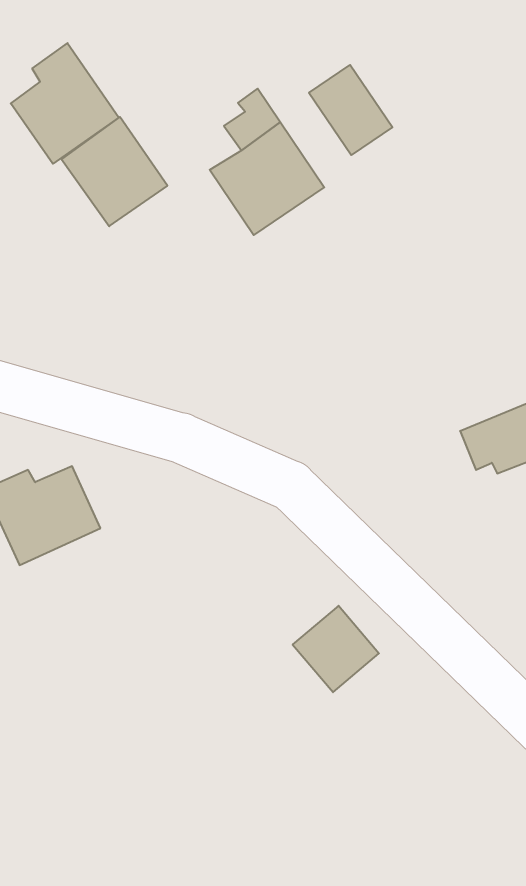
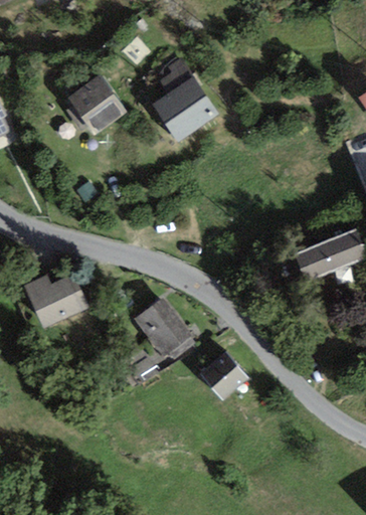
building: [11,43,119,164] -> none
building: [309,65,392,155] -> none
building: none -> [134,298,191,357]

